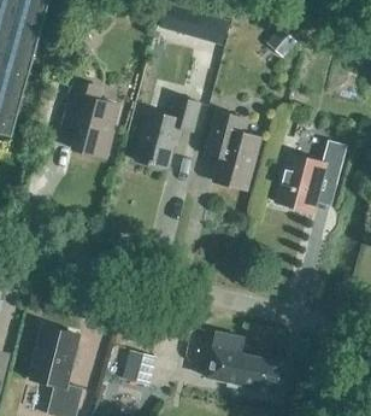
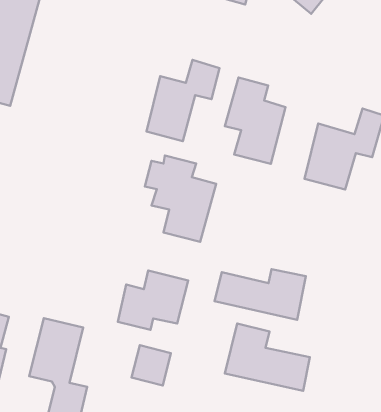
building: [55,80,119,157] -> [145,155,216,242]
building: none -> [214,269,306,320]
building: none -> [118,271,188,330]

